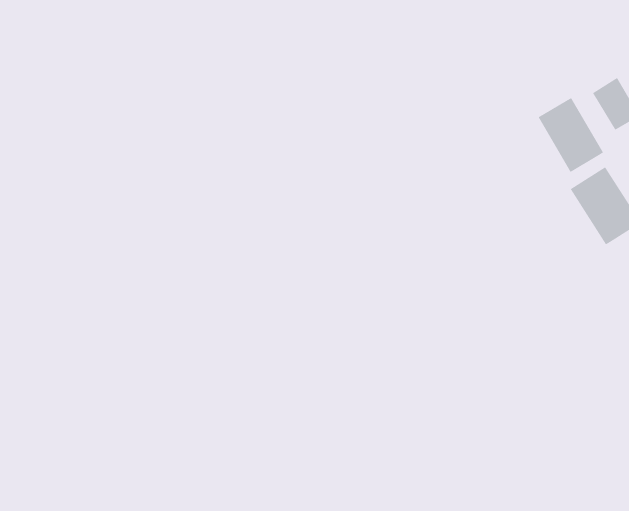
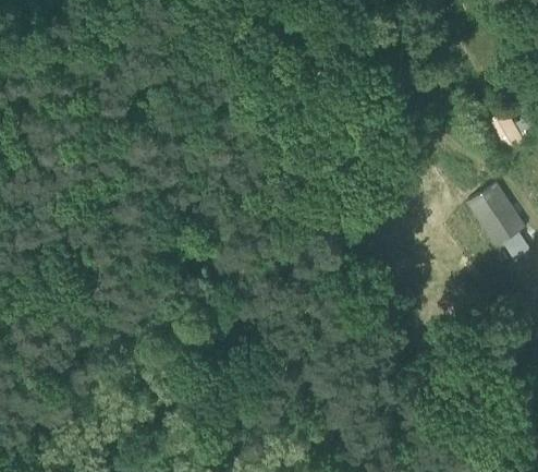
building: [538,97,604,173] -> none

